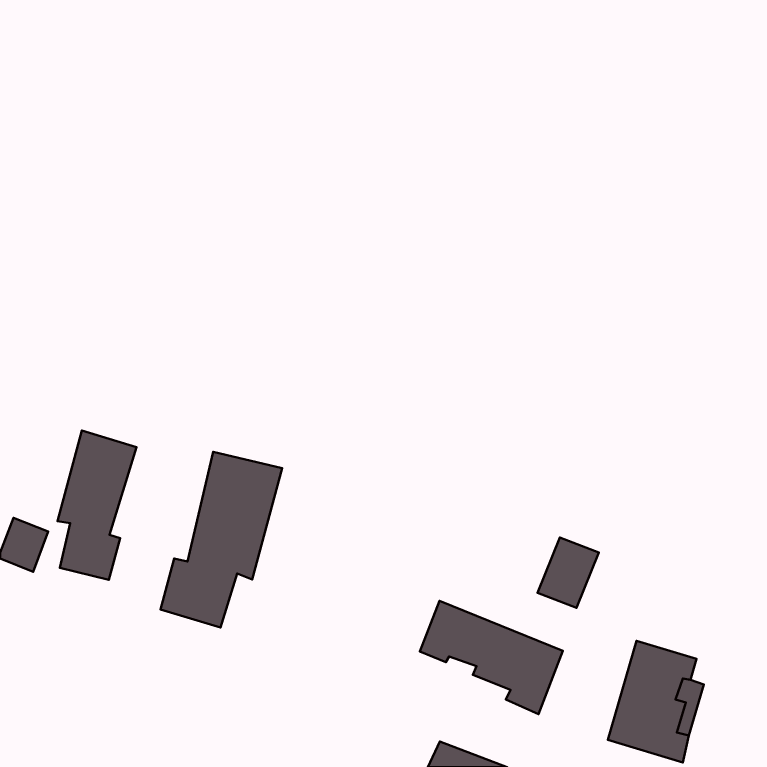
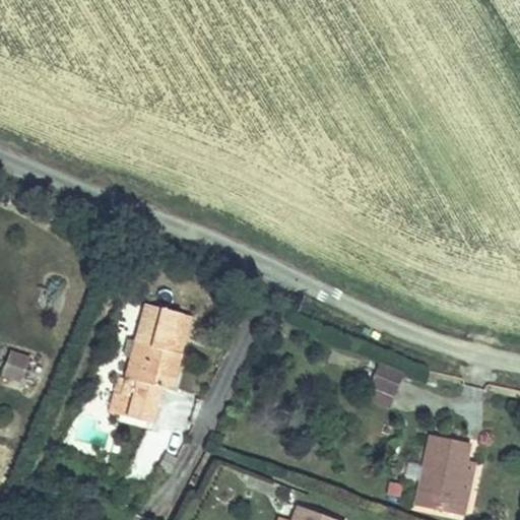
building: [57,431,137,580] -> none
building: [420,601,563,714] -> none

